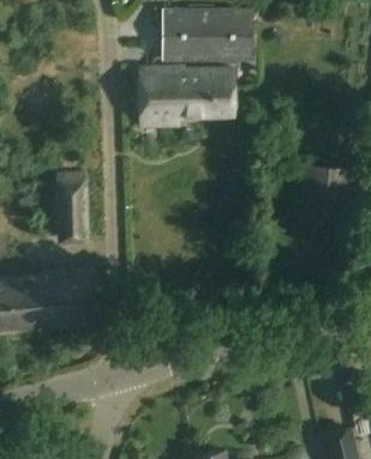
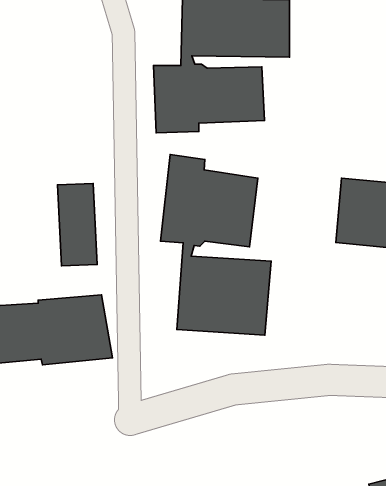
building: none -> [161,155,271,335]

